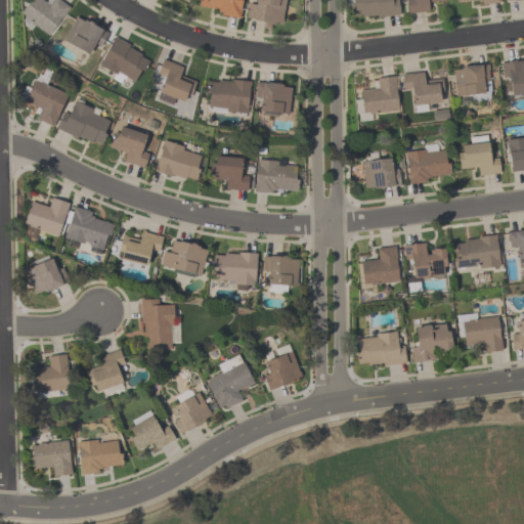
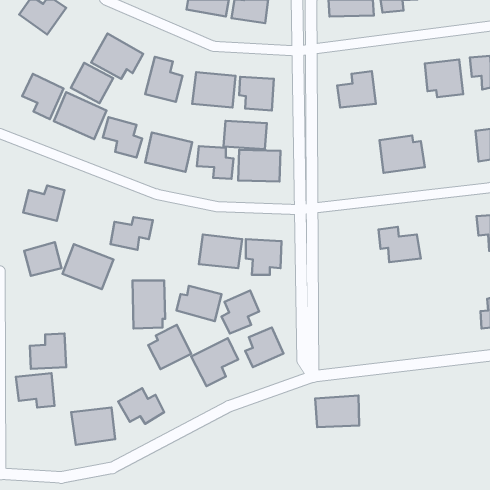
building: [64,15,110,58] -> [71,63,113,103]
building: [404,73,445,104] -> none
building: none -> [224,121,267,149]
building: [458,136,503,176] -> none
building: [363,158,401,189] -> none
building: [63,206,118,254] -> [62,244,113,289]
building: [454,235,500,271] -> none
building: [162,238,210,276] -> [177,286,222,321]
building: [360,246,400,288] -> none
building: none -> [221,290,259,333]
building: [458,313,503,353] -> none
building: [412,323,453,361] -> none
building: [358,333,405,366] -> [315,396,359,427]
building: [88,352,127,393] -> none
building: [168,387,214,434] -> [148,325,191,369]
building: [32,440,73,477] -> [16,373,54,408]

